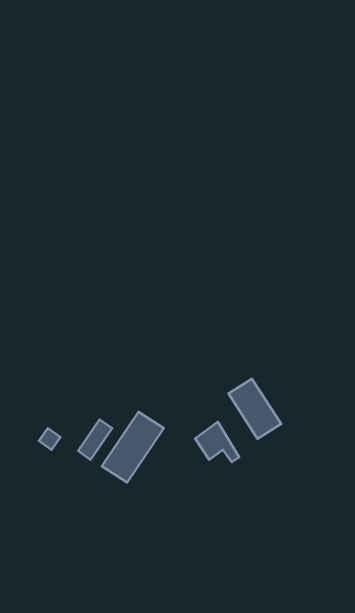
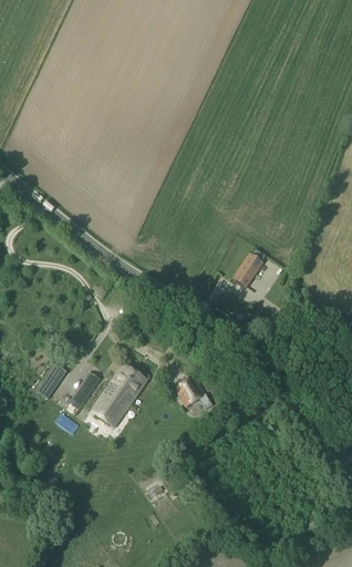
building: none -> [231,252,265,288]
building: [228,379,281,439] -> none

